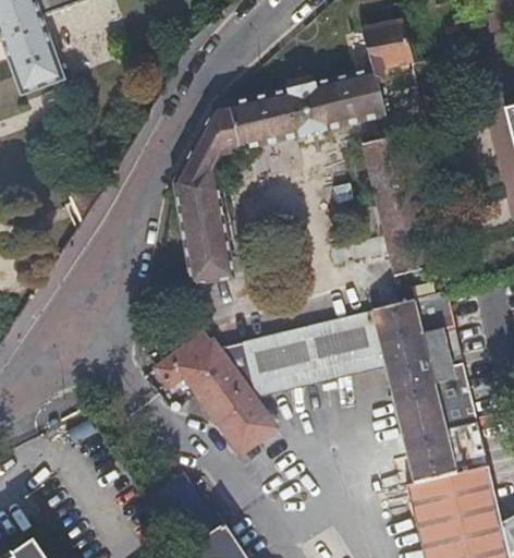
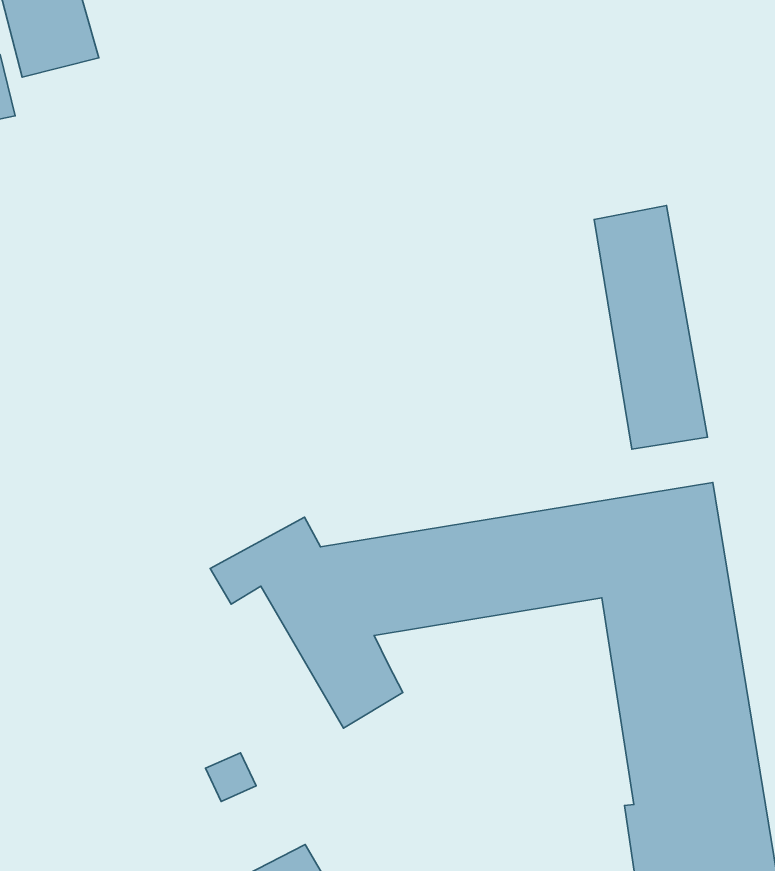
building: [173,20,407,308] -> none

